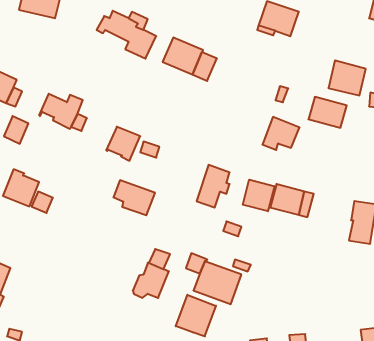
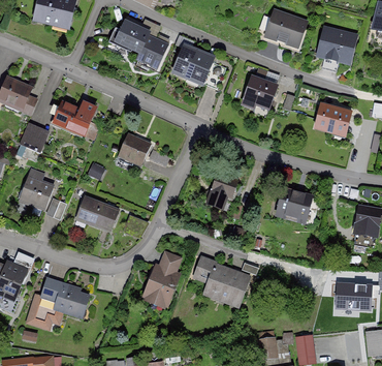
building: [328,60,366,95] -> [318,28,354,62]
building: [262,117,300,150] -> [241,77,277,109]
building: [243,180,274,211] -> none
building: [113,180,155,215] -> [77,196,118,231]
building: none -> [28,277,88,327]
building: none -> [336,282,373,310]
building: [176,295,216,336] -> none

